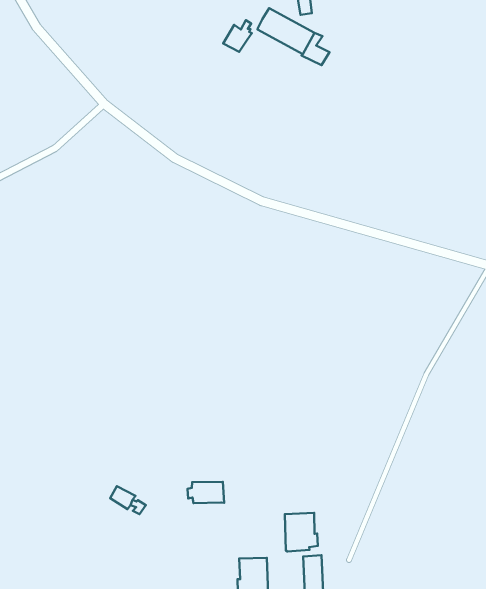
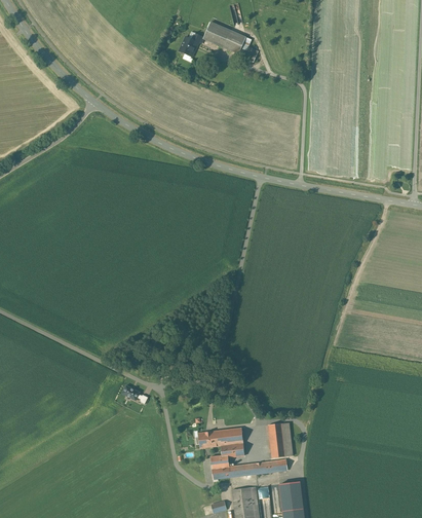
building: [188,482,224,503] -> [195,430,223,447]
building: [285,513,318,552] -> none

